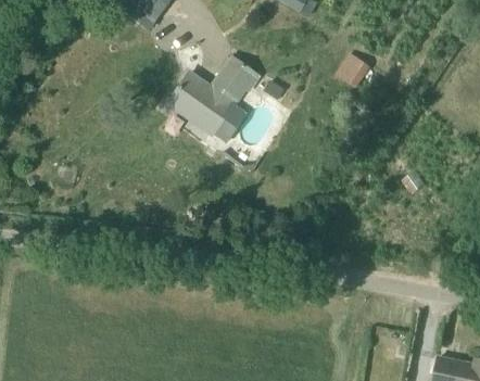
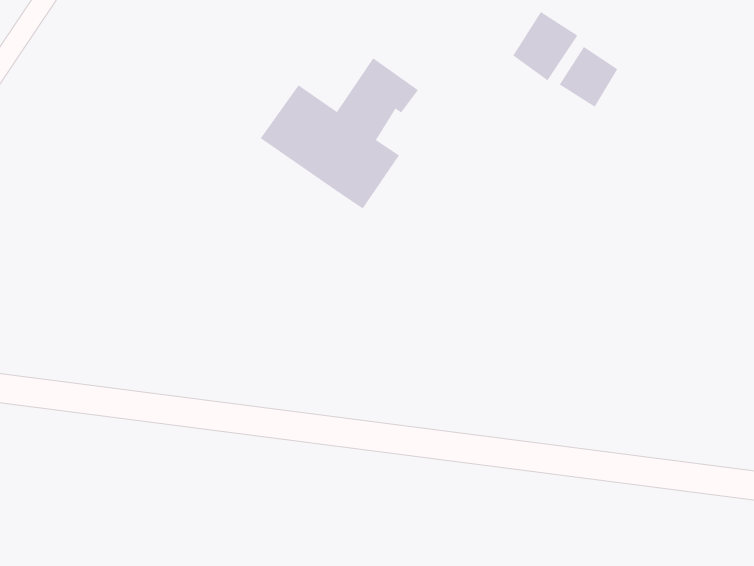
building: none -> [512,11,578,81]

